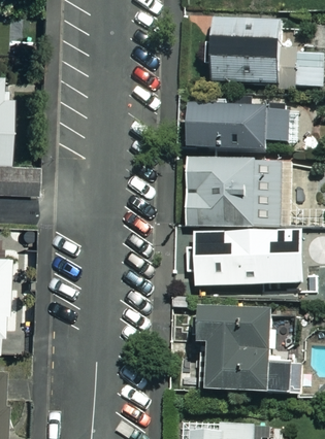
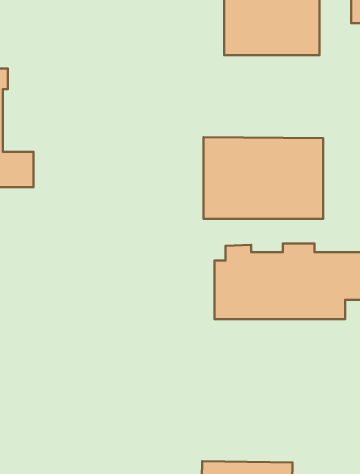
building: [182,99,283,146] -> none
building: [196,309,295,403] -> none

